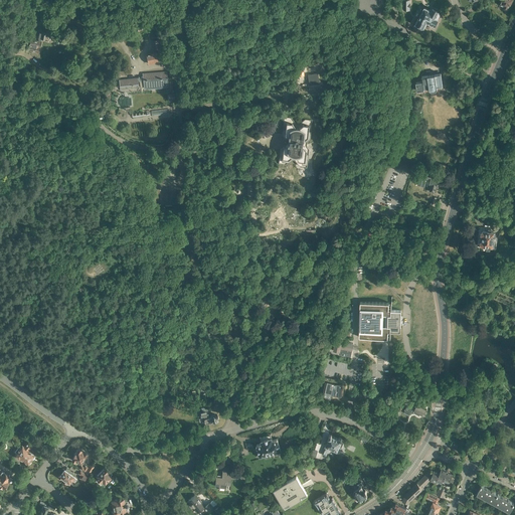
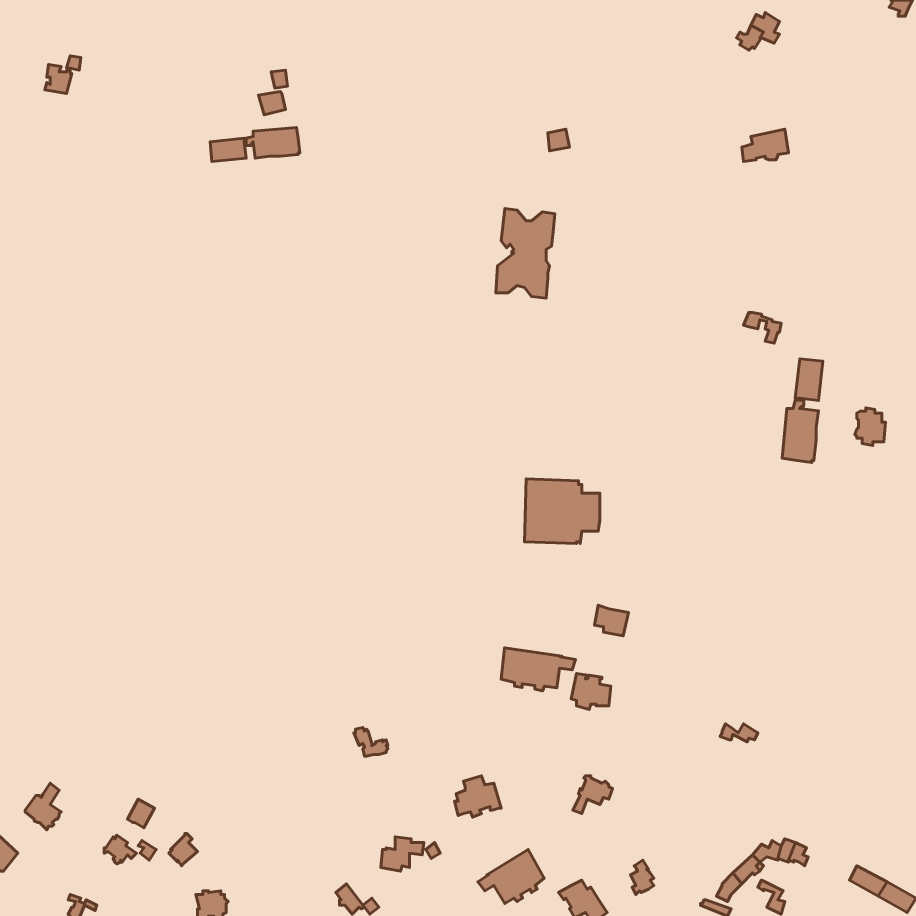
building: none -> [782,359,823,463]
building: [358,303,400,339] -> [524,479,600,544]
building: none -> [501,648,575,691]

